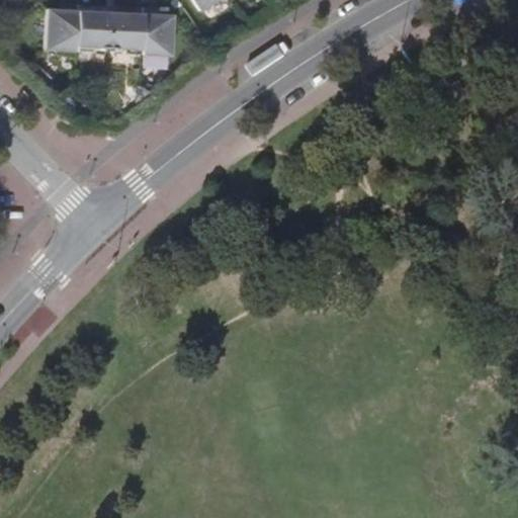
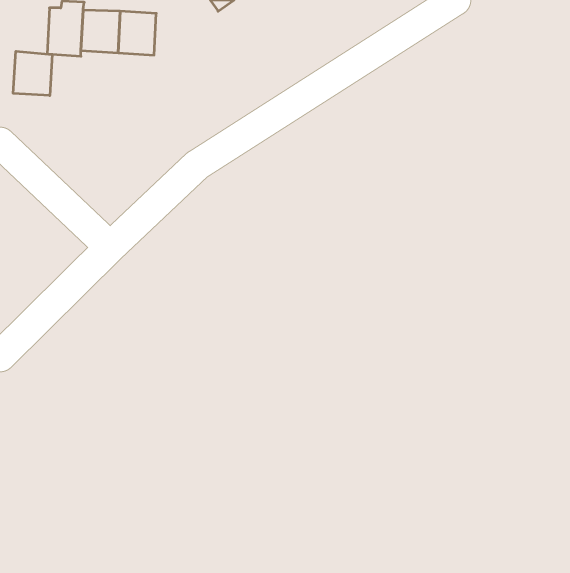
building: [143,7,175,57] -> none
building: none -> [13,51,52,96]

